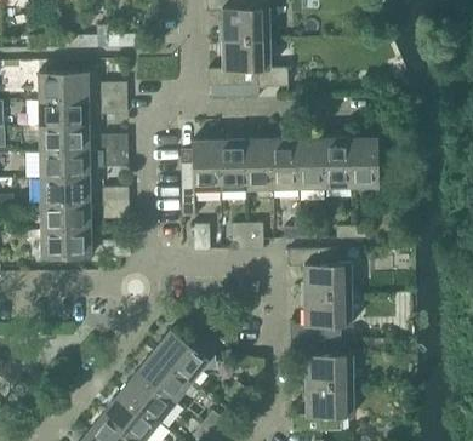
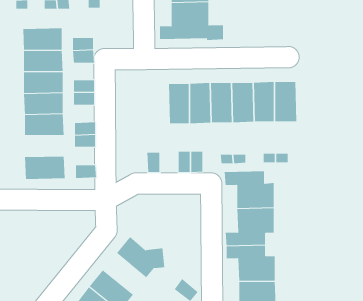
building: [179,141,220,216] -> none
building: [40,205,90,231] -> none
building: [137,350,192,402] -> none

